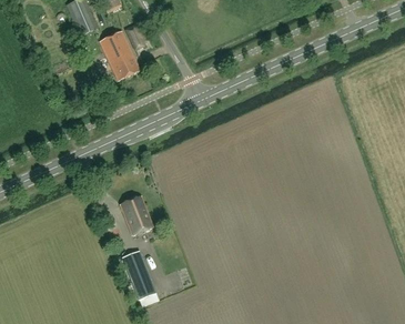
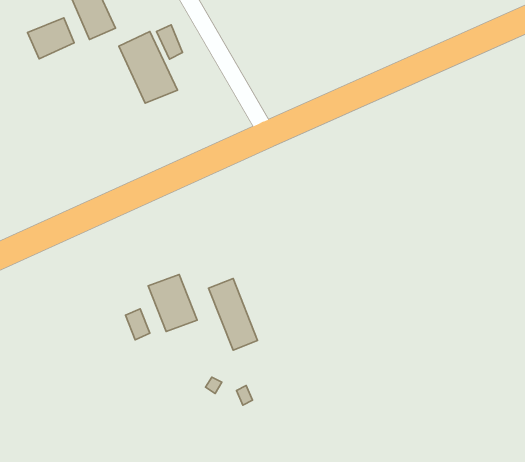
building: none -> [28,18,74,59]
building: [122,251,155,300] -> [209,278,258,350]

